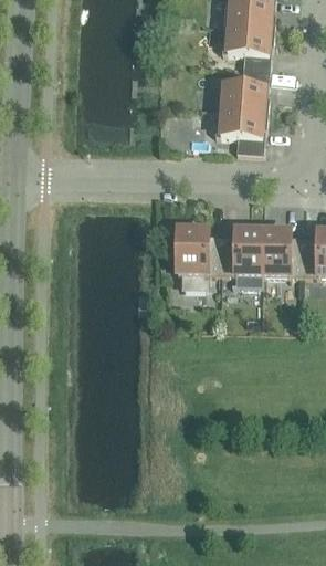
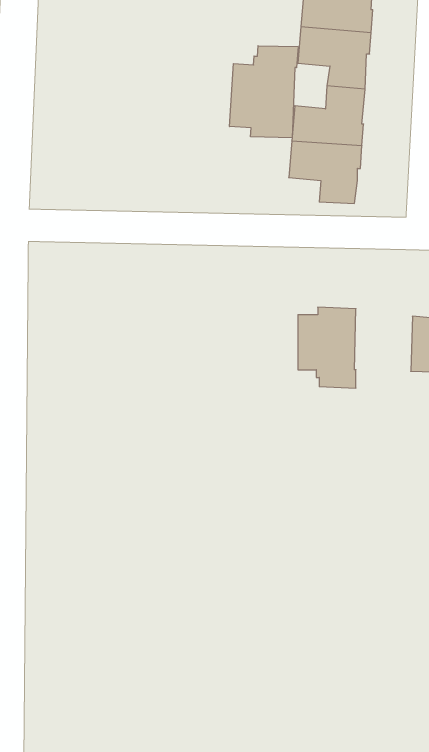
building: none -> [230,46,298,138]
building: [172,226,222,285] -> none
building: [263,228,305,273] -> none

